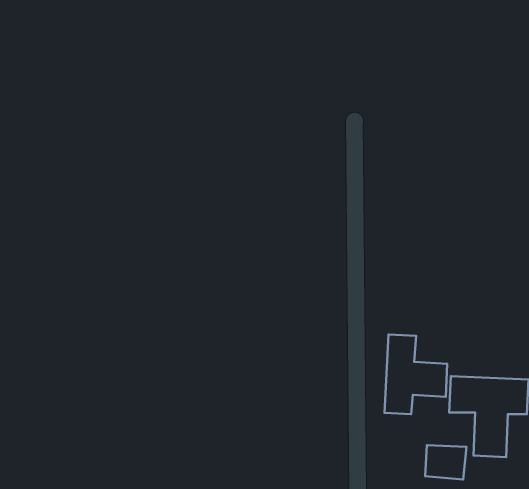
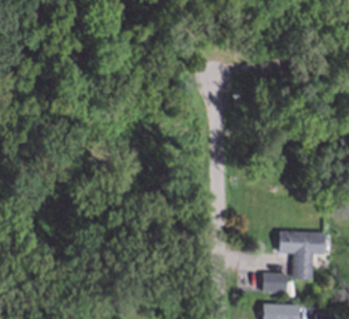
building: [385,334,447,414] -> none

